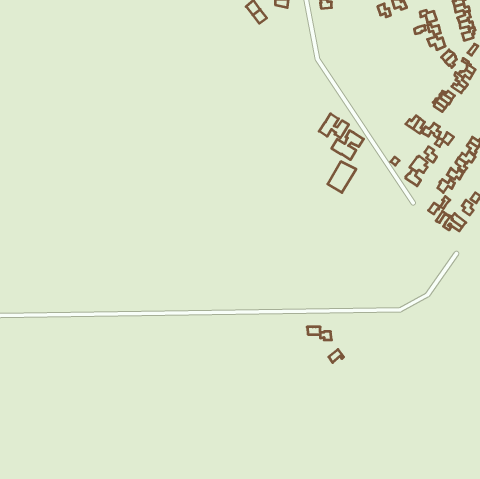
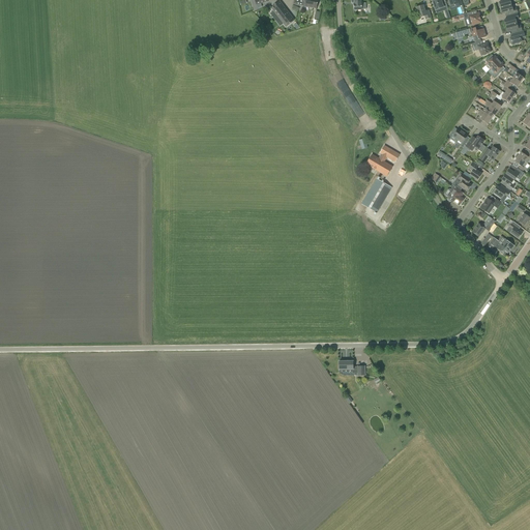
building: [319,114,349,138] -> none

